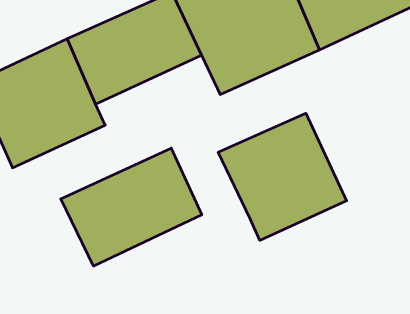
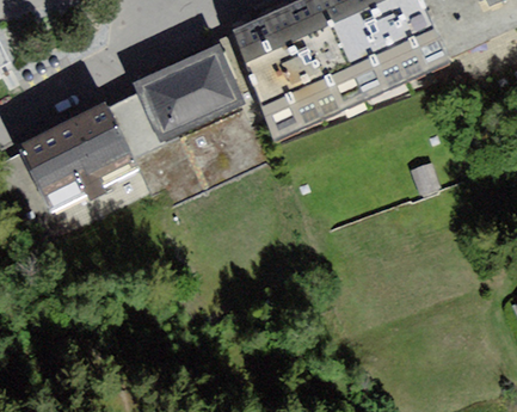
building: [218,113,347,240] -> none
building: [61,148,202,266] -> none

